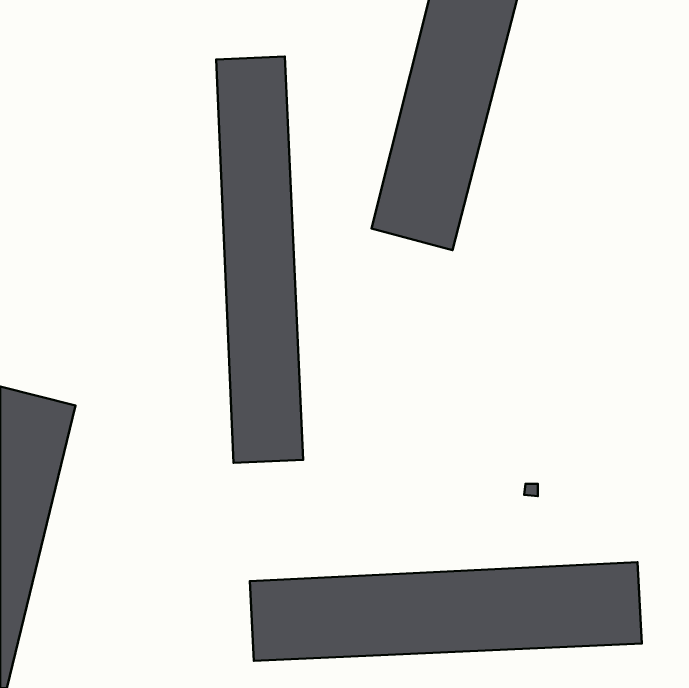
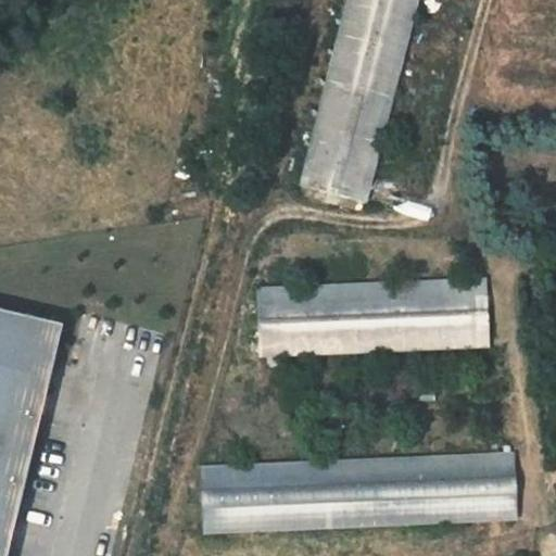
building: [216,57,303,463] -> none
building: none -> [257,277,489,355]

